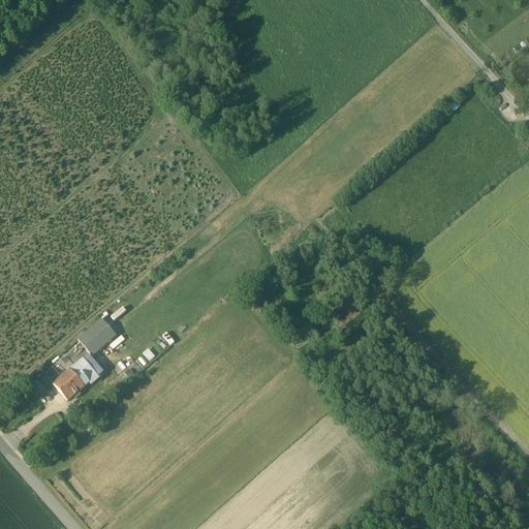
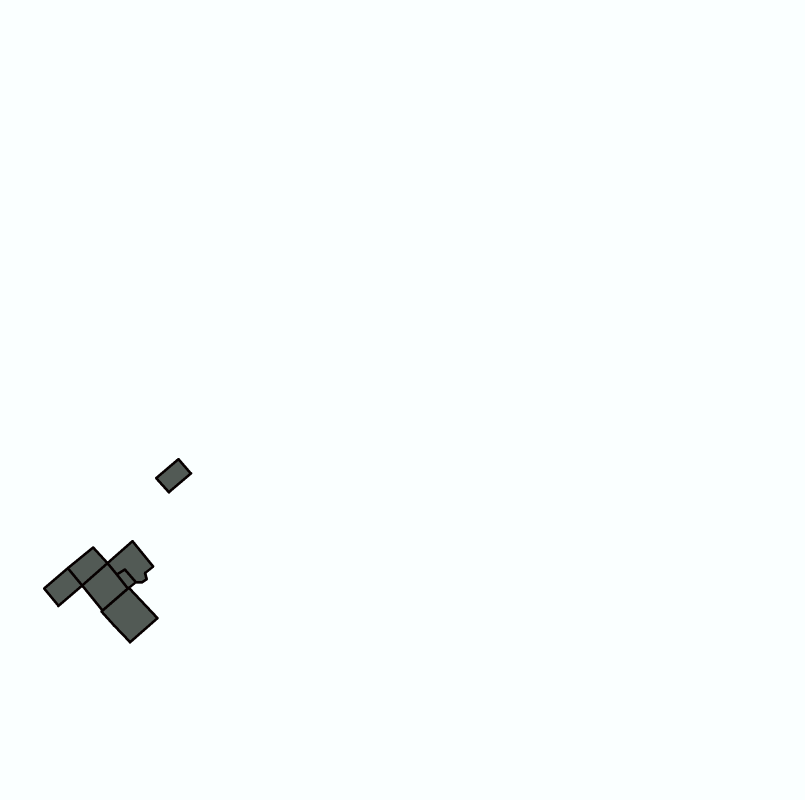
building: [80,317,117,353] -> none
building: none -> [102,588,157,642]

